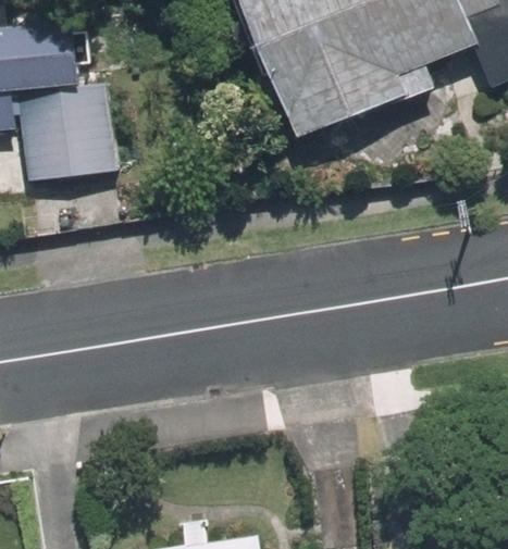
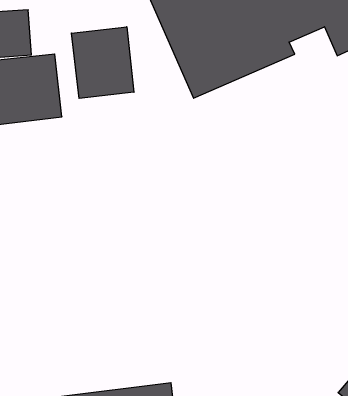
building: none -> [71,27,134,98]

